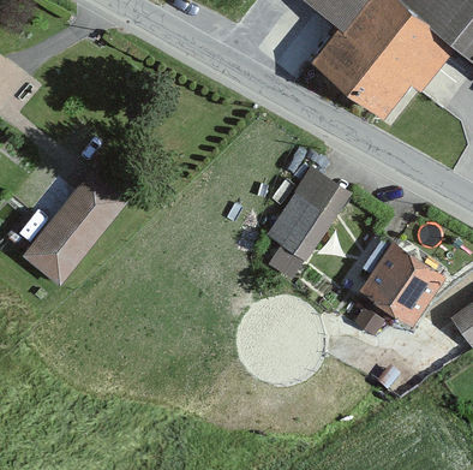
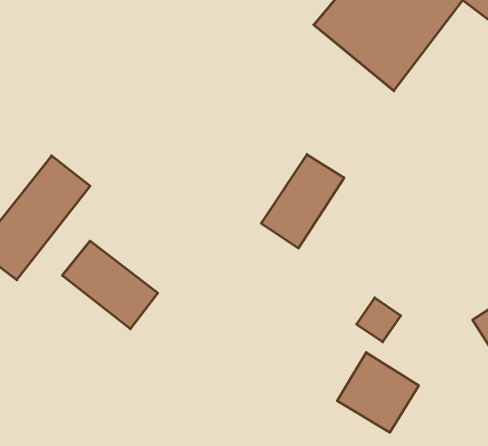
building: [367,245,438,315] -> [337,352,419,432]
building: none -> [62,241,158,329]

